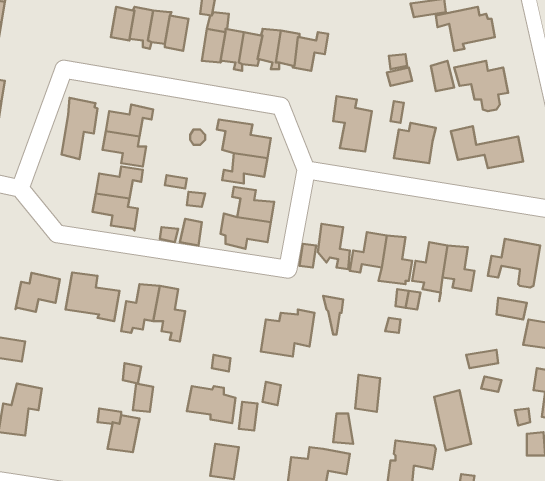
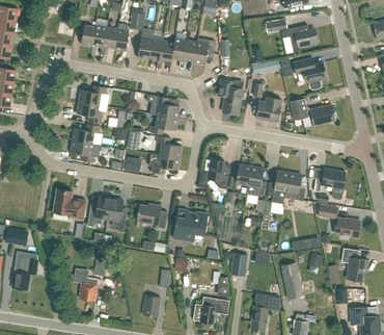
building: [62,98,98,159] -> none
building: [16,273,60,312] -> none
building: [187,386,236,423] -> [137,204,167,227]

